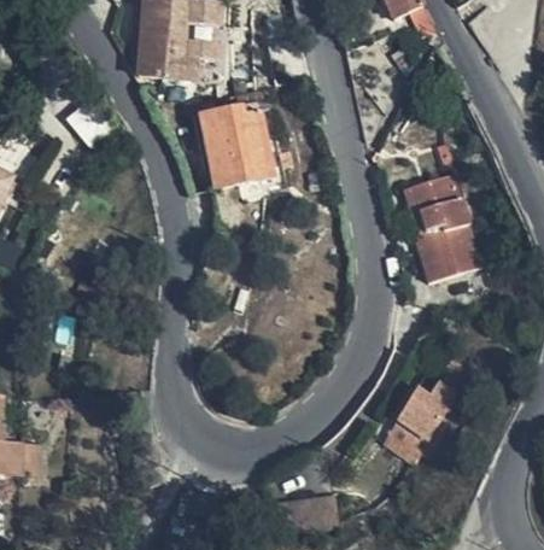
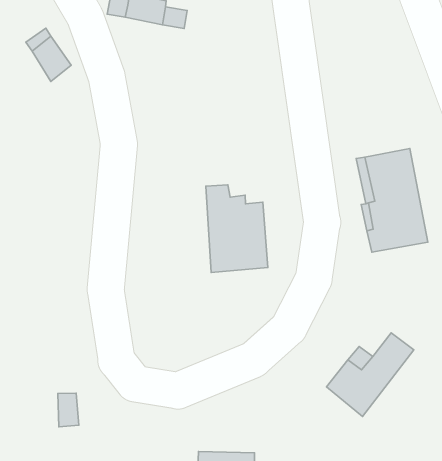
building: [203,98,273,186] -> [206,185,268,272]
building: [385,416,439,463] -> none

